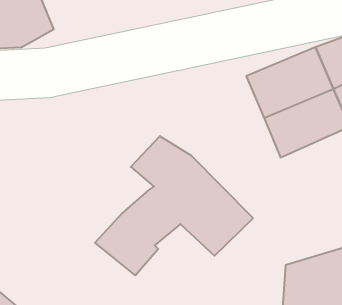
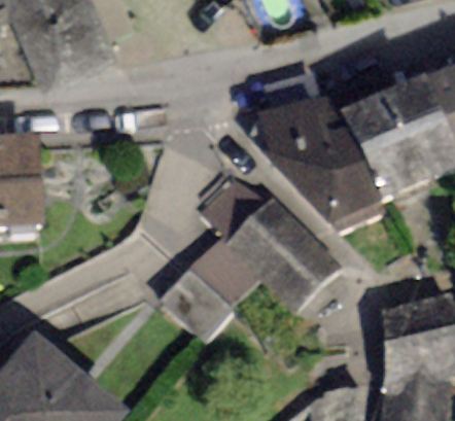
building: none -> [256,87,383,226]

